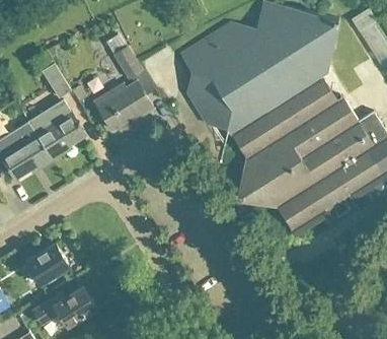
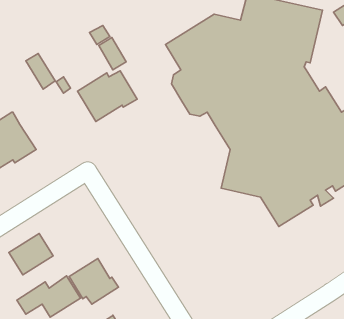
building: [28,100,83,159] -> none
building: none -> [69,259,119,304]

